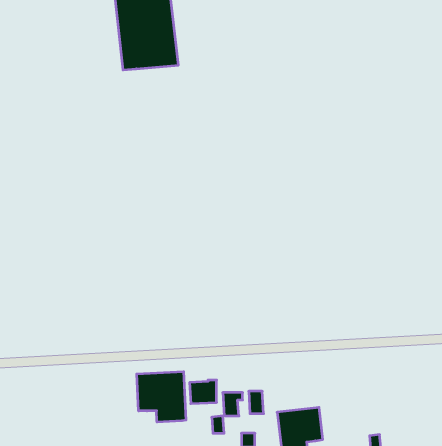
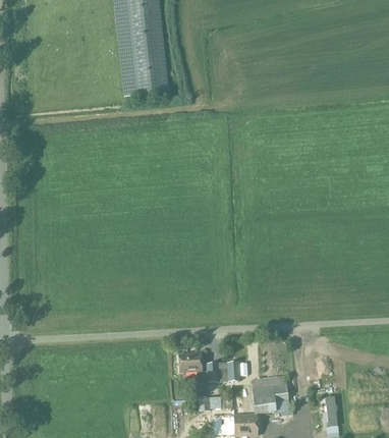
building: [137,372,186,422] -> none

